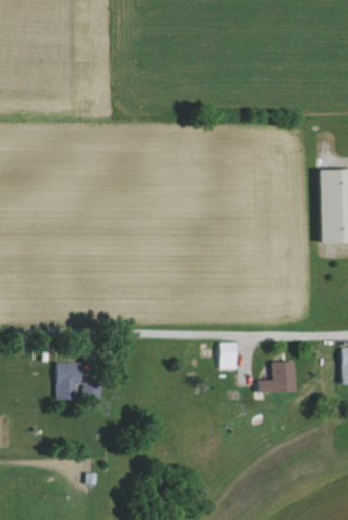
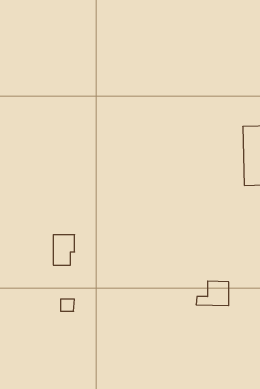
building: [219,343,239,369] -> none
building: [57,363,83,400] -> [53,235,75,265]

